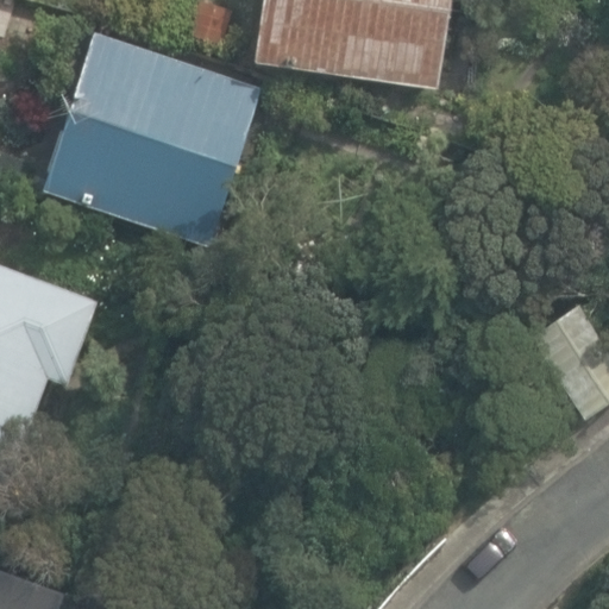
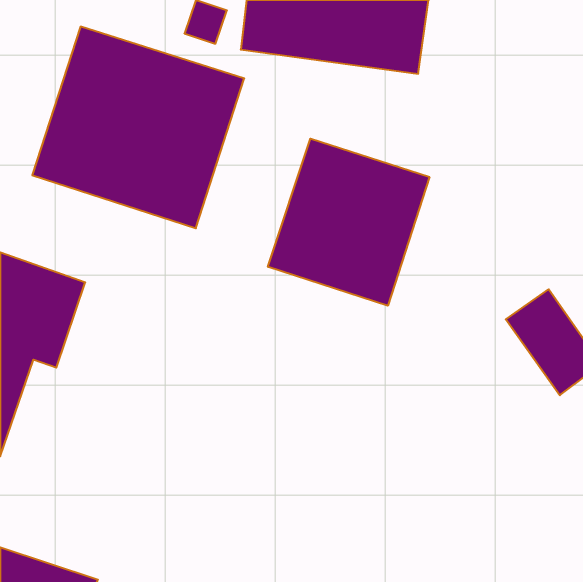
building: none -> [268,139,429,306]

